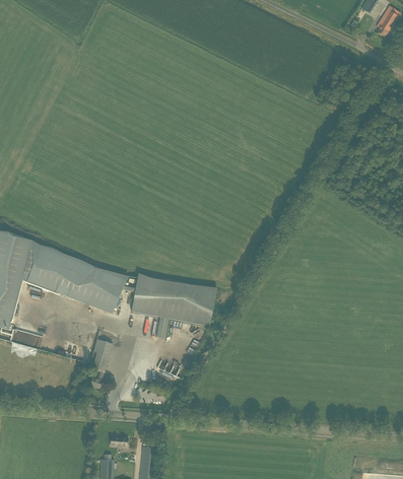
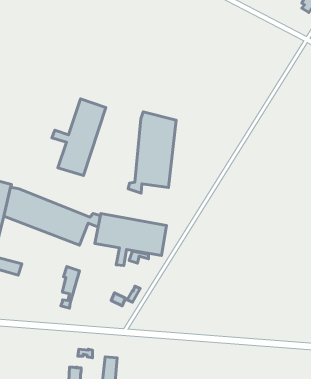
building: none -> [52,99,106,176]
building: none -> [128,112,176,193]

